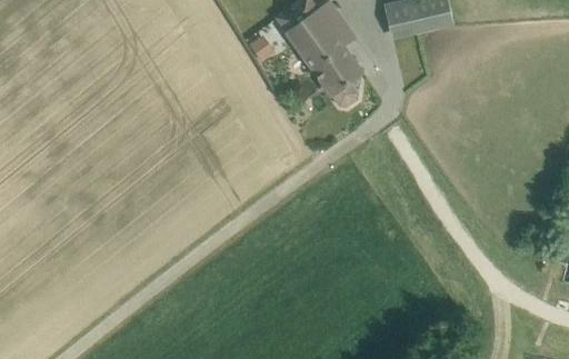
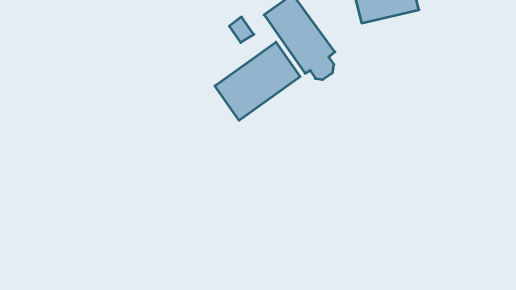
building: none -> [215,42,300,120]

